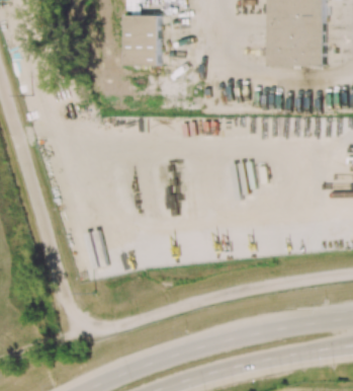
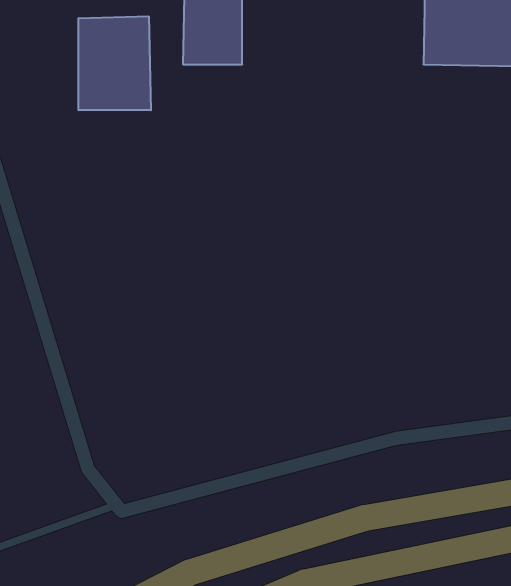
building: none -> [79,16,151,110]

